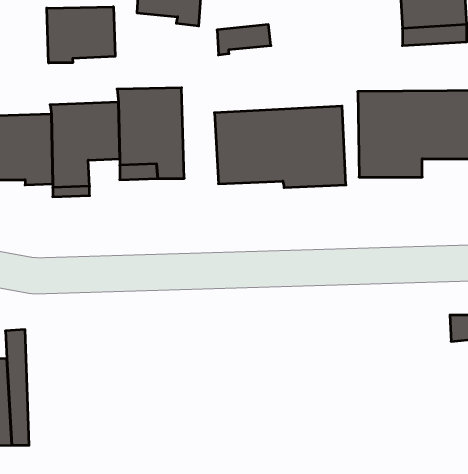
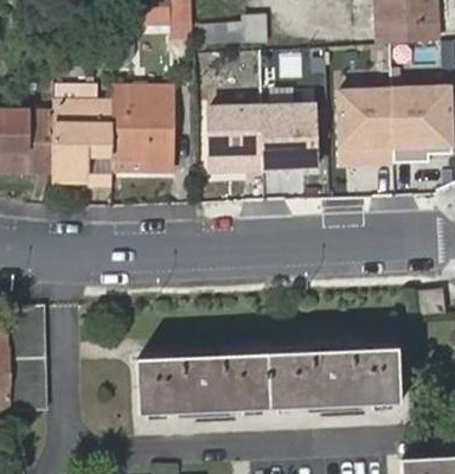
building: [47,7,115,63] -> none
building: none -> [129,347,392,416]

